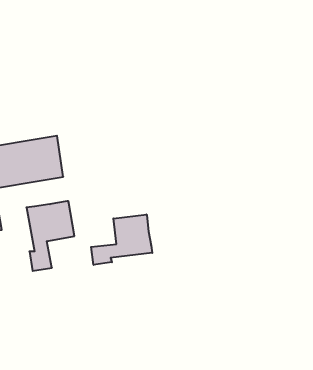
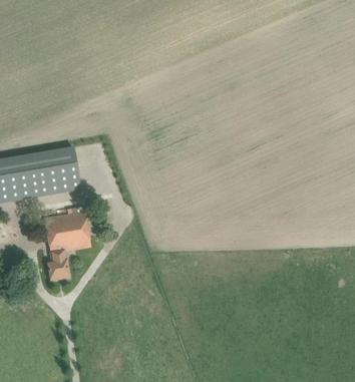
building: [91,214,152,265] -> none

